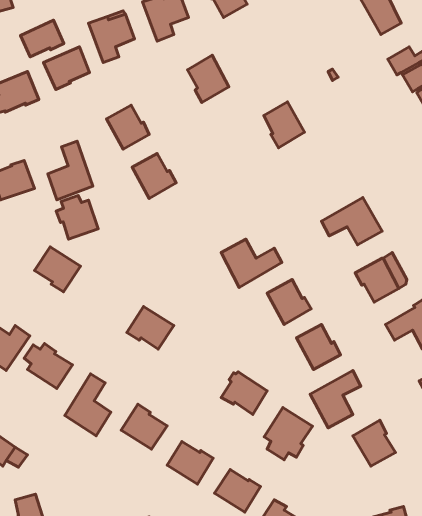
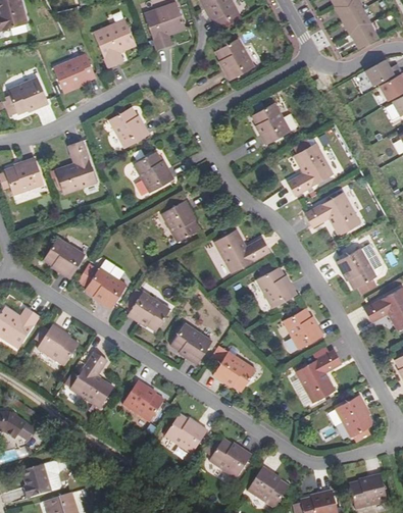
building: [20,20,64,57] -> none
building: [187,55,229,102] -> [216,41,254,84]
building: none -> [288,146,333,197]
building: [56,196,98,239] -> none
building: none -> [161,201,199,244]
building: none -> [87,267,128,309]
building: none -> [172,323,213,363]
building: [264,408,312,460] -> none

